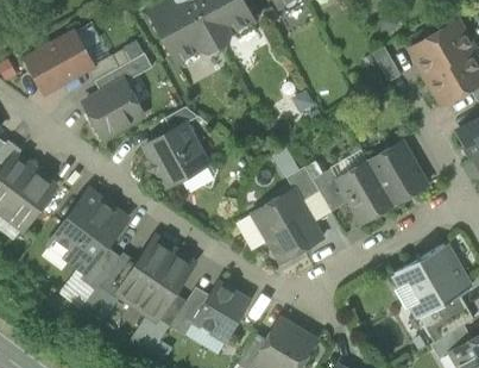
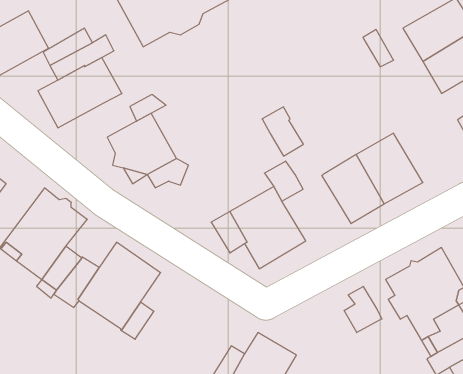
building: [313,168,349,212] -> [262,107,303,156]
building: none -> [344,286,382,333]
building: [194,282,250,341] -> none

